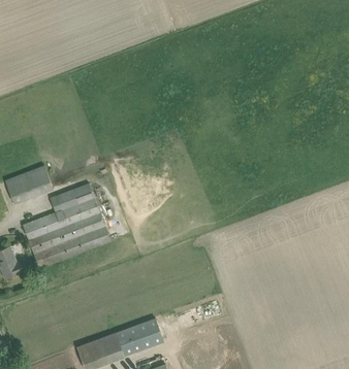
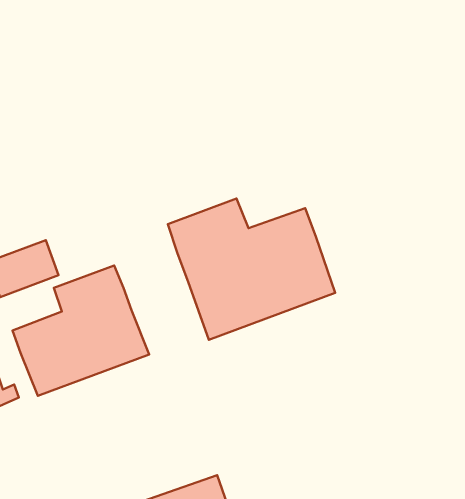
building: none -> [168,198,335,340]

